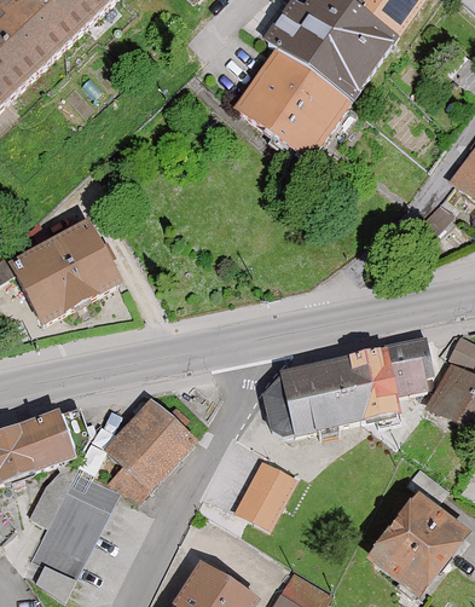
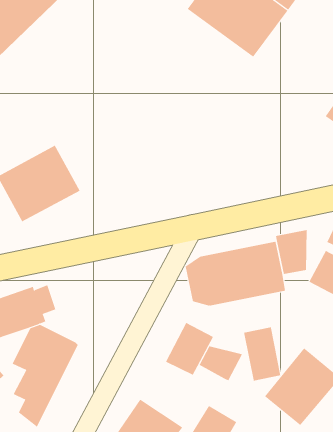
building: [233,47,353,162] -> none
building: [103,397,197,505] -> none
building: none -> [244,326,281,382]
building: none -> [199,345,243,381]

